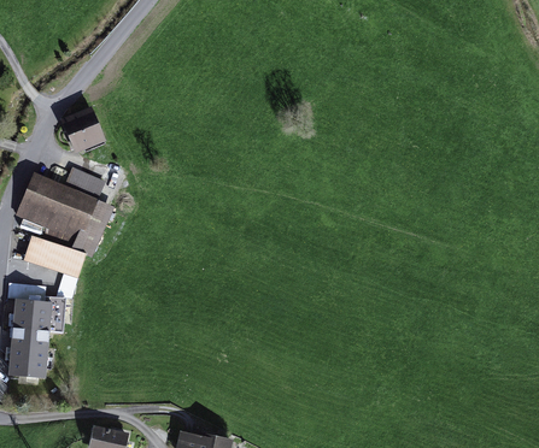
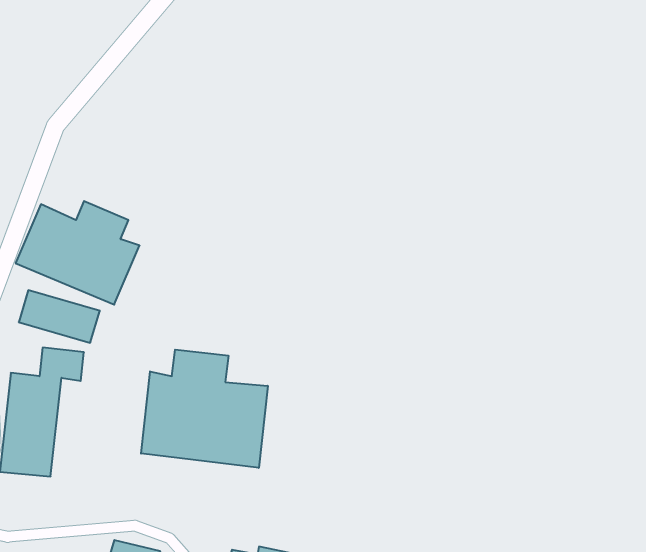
building: [59,108,102,151] -> none
building: none -> [141,350,268,468]

